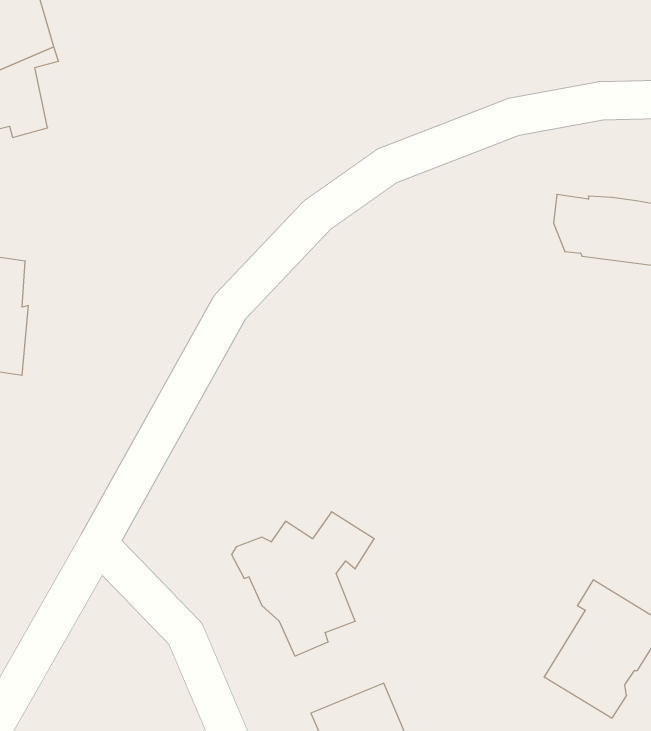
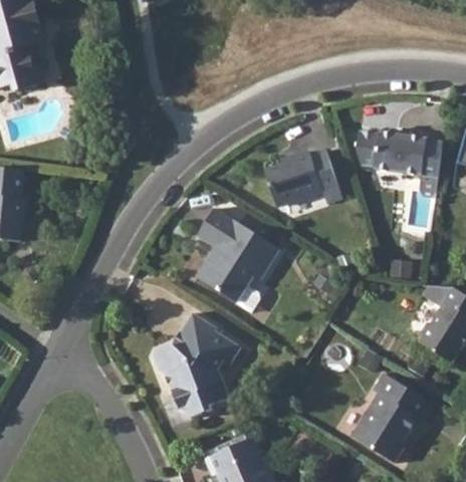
building: none -> [266,151,339,206]
building: none -> [194,208,278,309]

